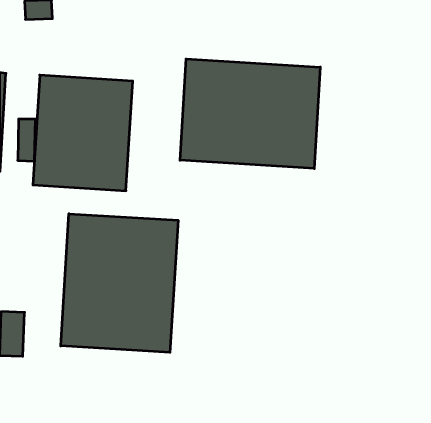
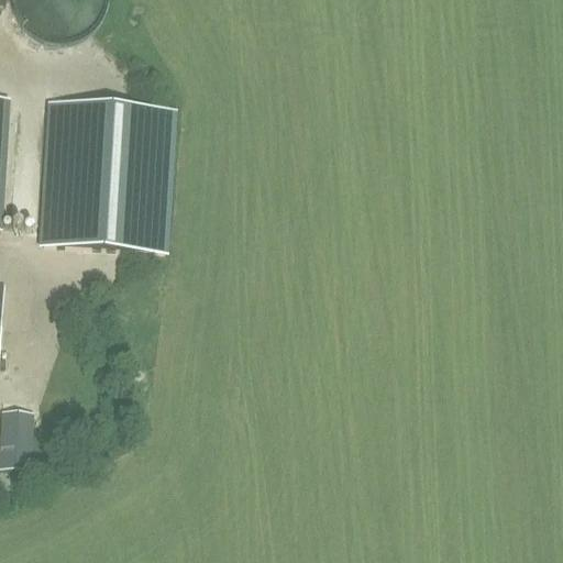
building: [180,59,320,169] -> none
building: [61,214,178,352] -> none

